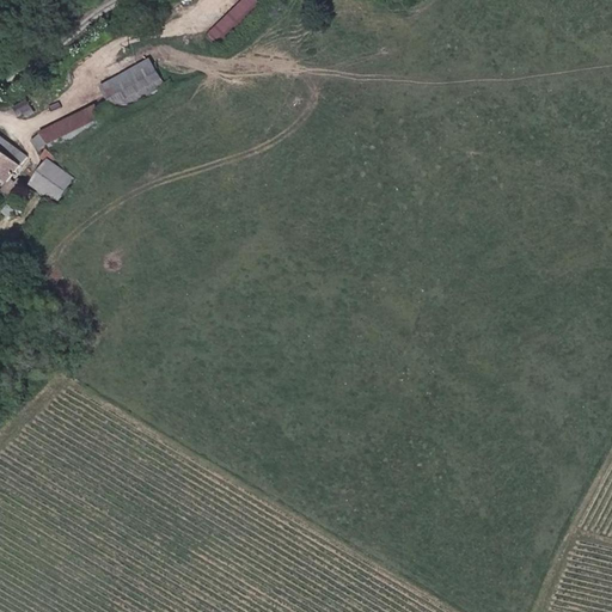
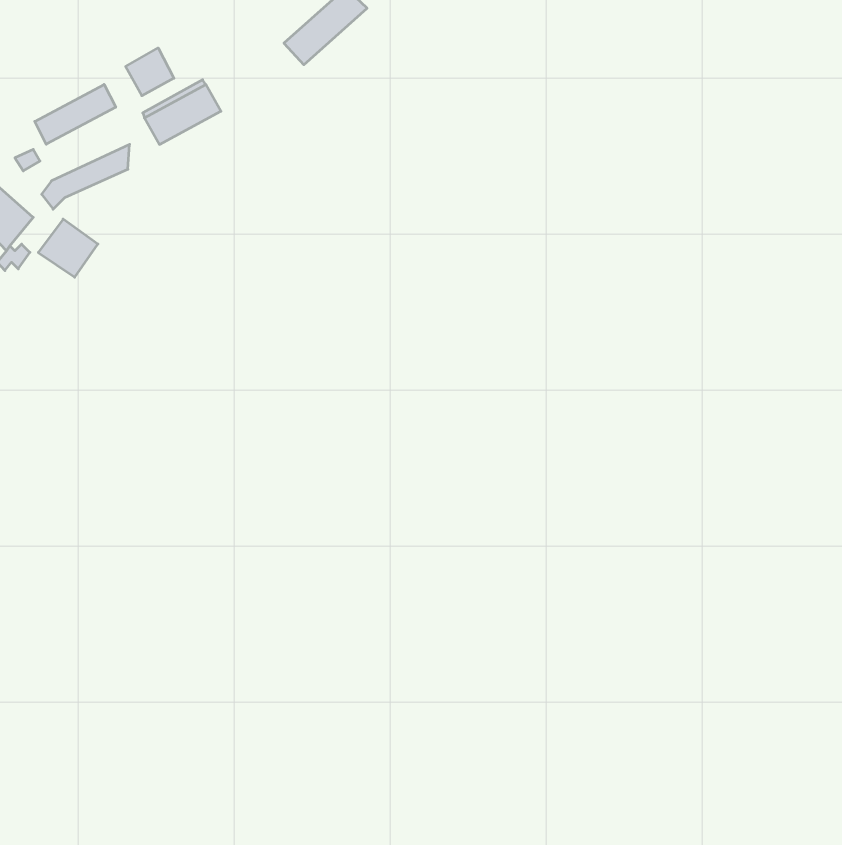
building: none -> [126,48,174,96]
building: none -> [35,84,116,144]

